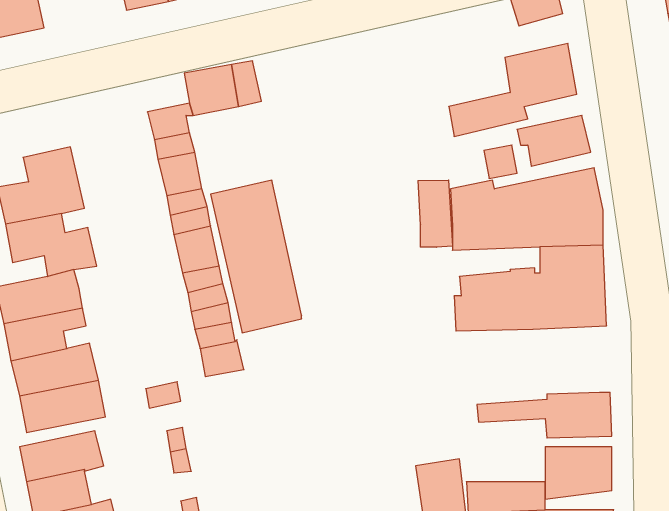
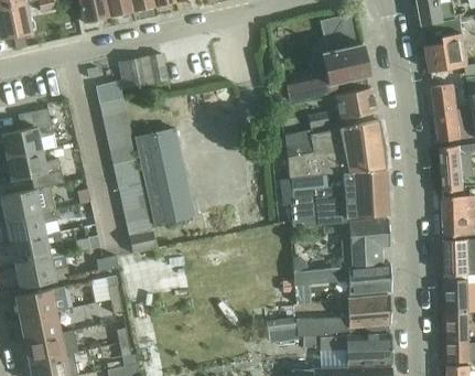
building: [418,180,452,247] -> none
building: none -> [338,221,385,264]

